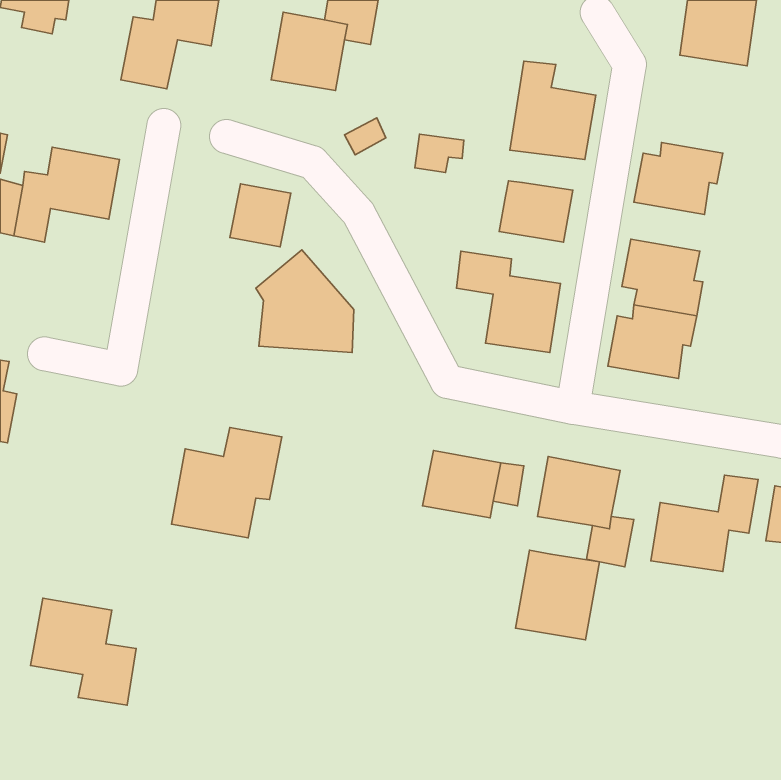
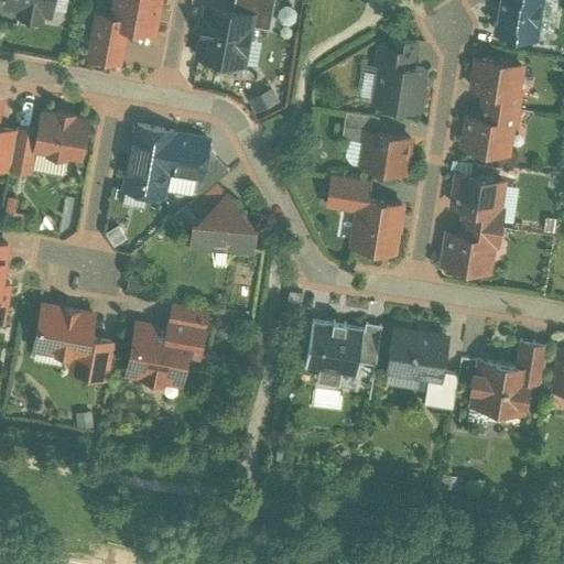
building: none -> [468,57,524,112]
building: [415,134,464,172] -> [343,116,378,143]
building: none -> [126,128,174,199]
building: [516,550,599,640] -> none
building: [31,598,136,705] -> [35,307,111,384]

